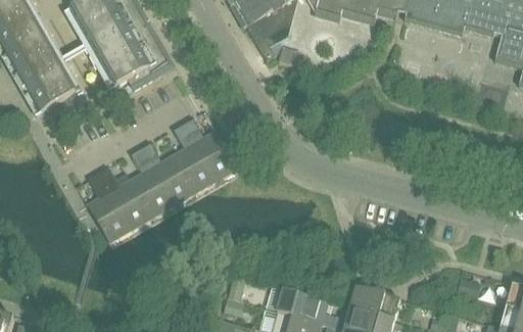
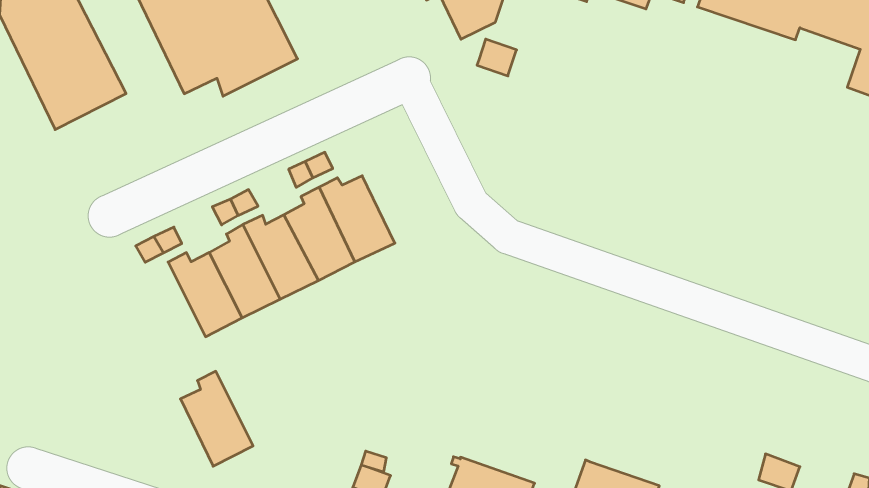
building: [88,187,132,242] -> [180,371,253,466]

